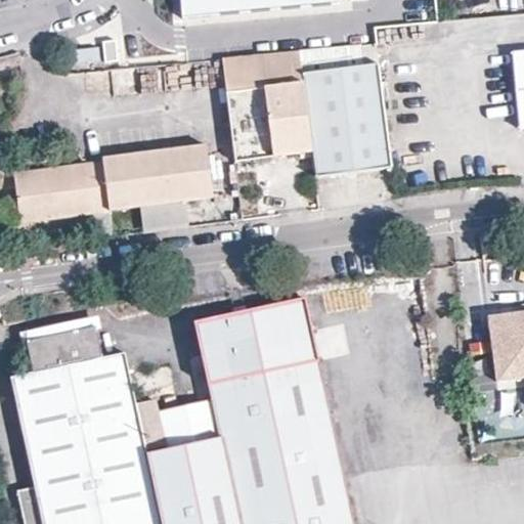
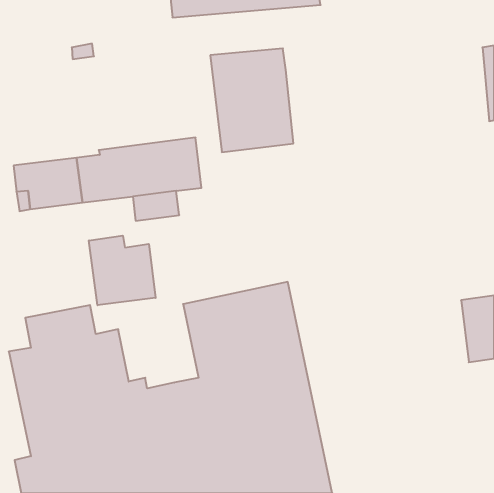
building: [299,44,392,180] -> none
building: none -> [89,236,156,305]

